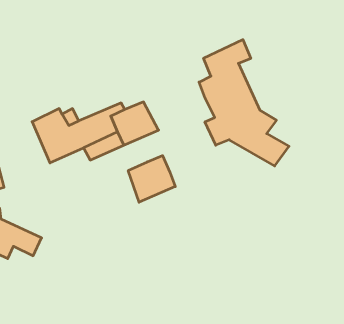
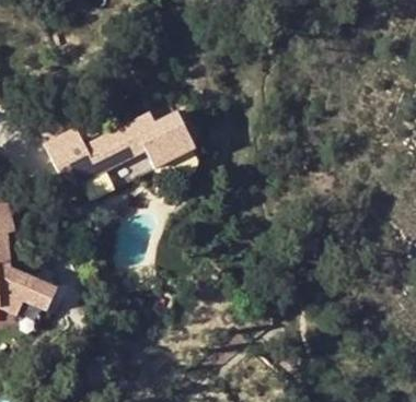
building: [199,40,289,166] -> none
building: [128,156,175,202] -> none

